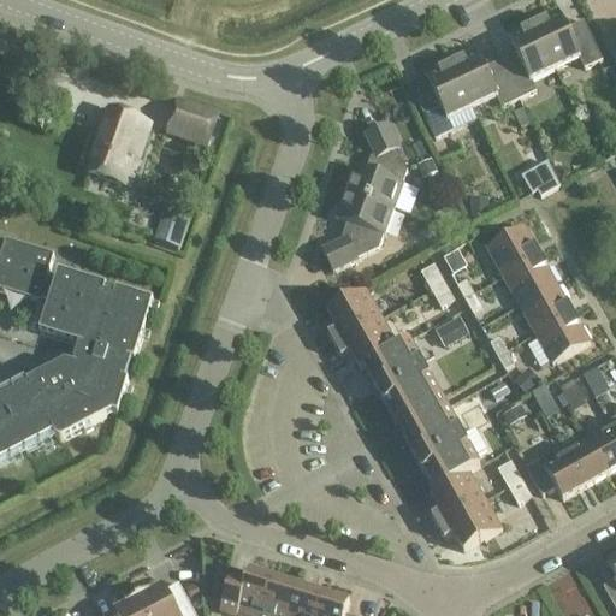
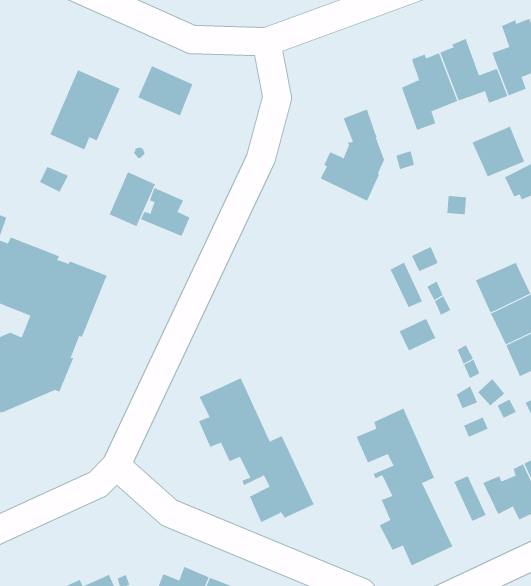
building: none -> [472,126,525,177]
building: [321,189,393,268] -> none
building: none -> [140,187,190,237]
building: [485,223,539,273] -> none
building: [326,285,444,421] -> [198,378,314,523]

